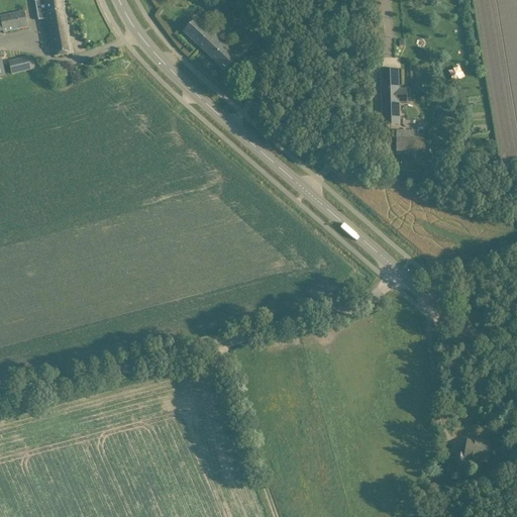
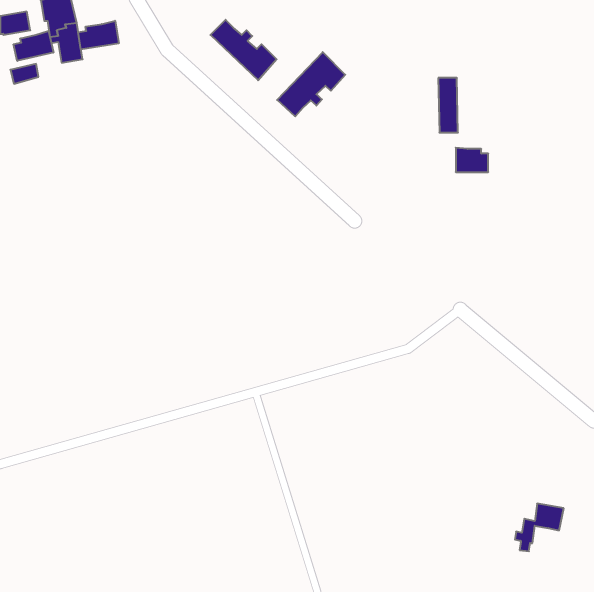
building: none -> [78,21,119,50]
building: none -> [14,31,53,61]
building: none -> [277,52,345,116]

